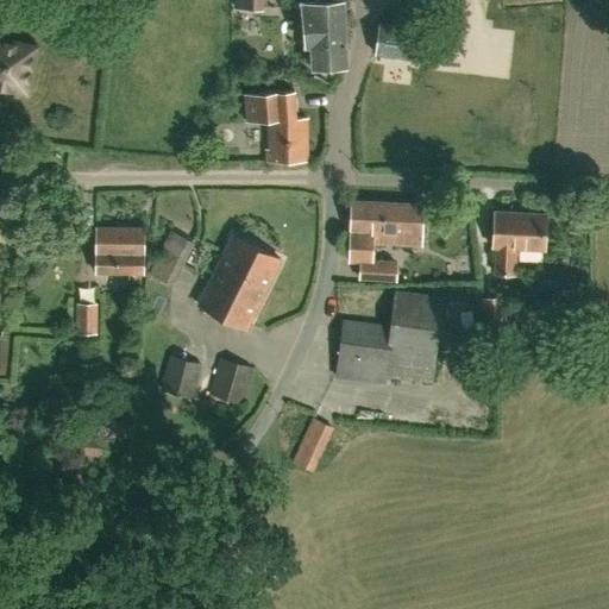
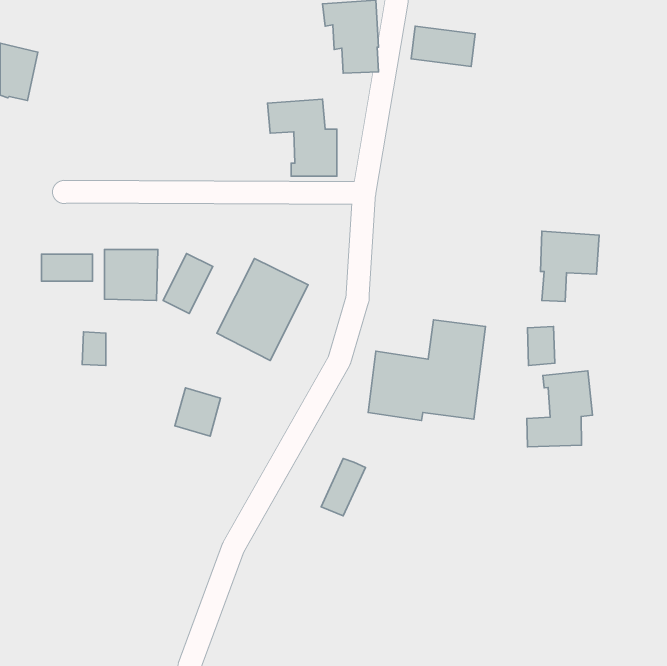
building: [349,201,422,284] -> none
building: none -> [41,254,92,281]
building: none -> [527,371,593,447]
building: [208,360,252,403] -> none

